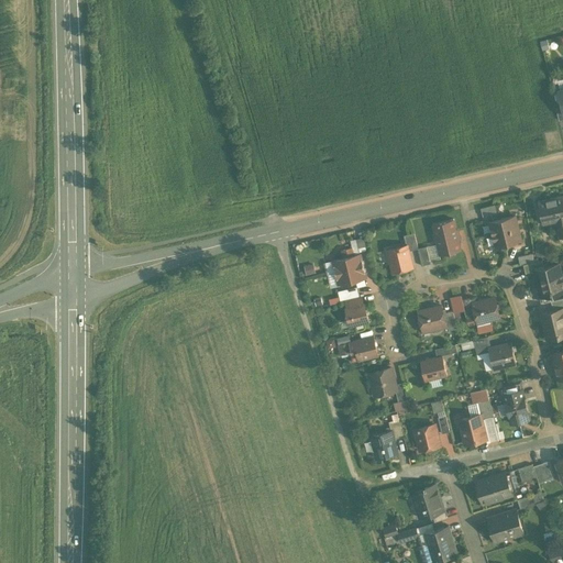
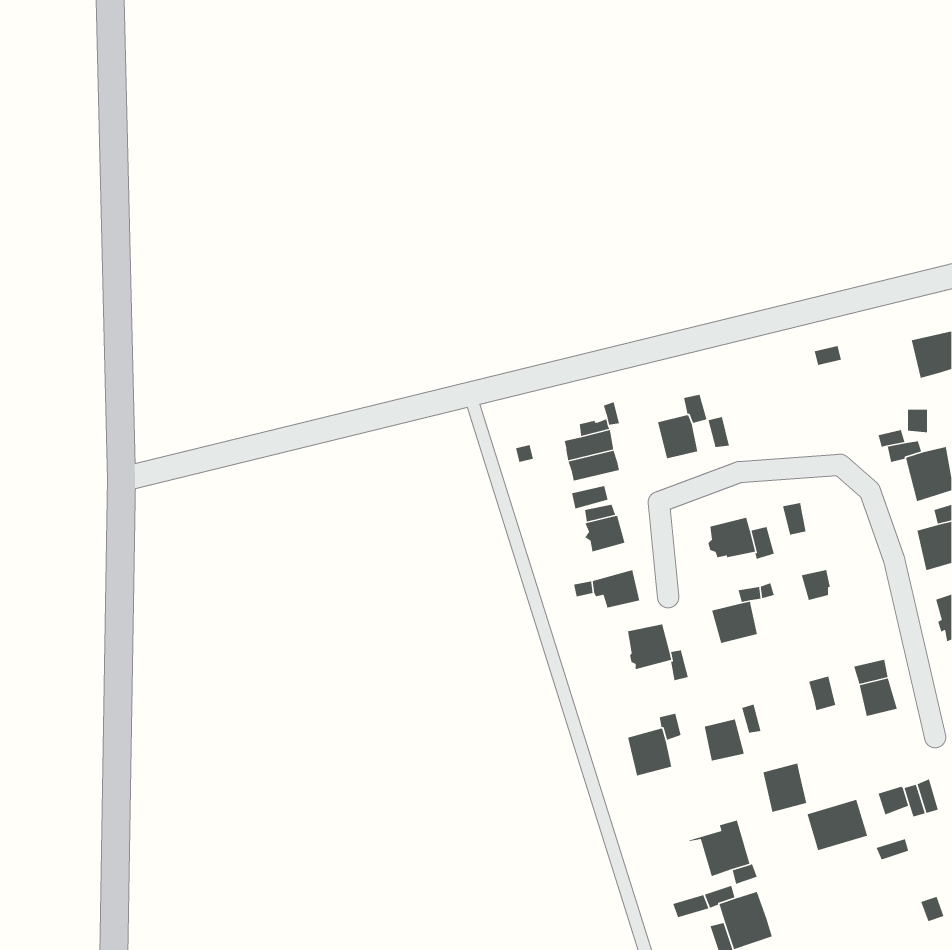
building: [488,217,520,247] -> none
building: [431,220,461,256] -> none
building: [473,299,498,323] -> none
building: [488,343,515,369] -> none
building: [459,416,485,445] -> [763,762,807,813]
building: [486,509,523,543] -> none

